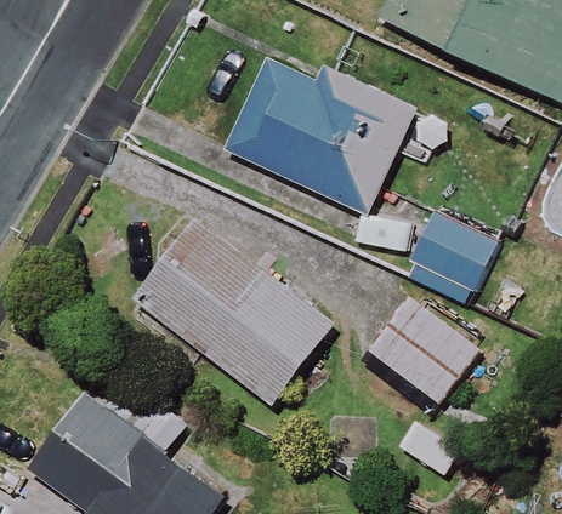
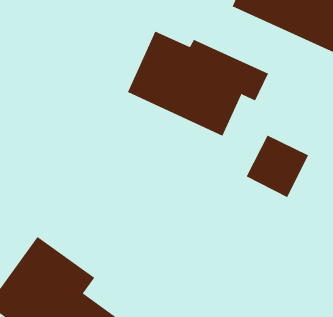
building: [137,257,334,405] -> none
building: [363,297,481,411] -> none

